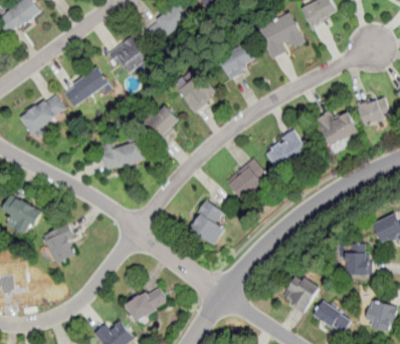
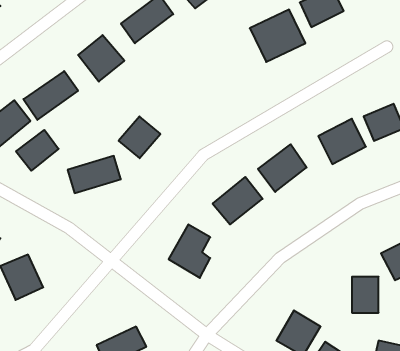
building: [218,43,258,80] -> none
building: [178,73,218,113] -> none
building: none -> [16,130,59,171]

